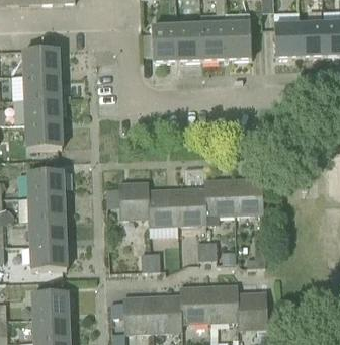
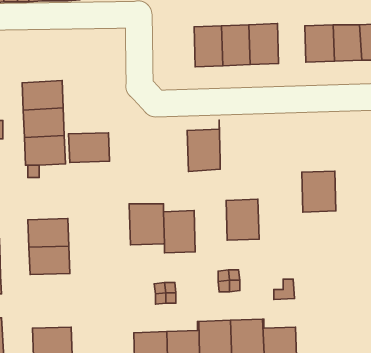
building: [151,25,177,61] -> none
building: [22,49,59,75] -> none
building: [27,170,64,196] -> [69,133,110,162]
building: [233,177,263,213] -> [302,171,336,212]
building: [176,179,205,225] -> [187,120,220,171]
building: [30,244,67,270] -> none

